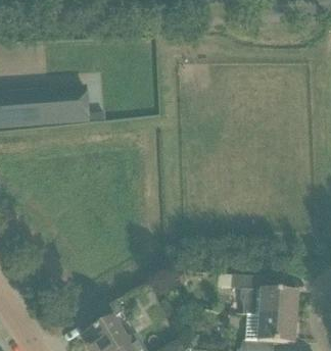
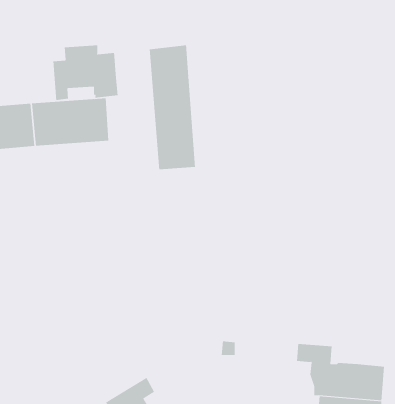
building: none -> [149,44,195,170]
building: none -> [53,44,118,101]

